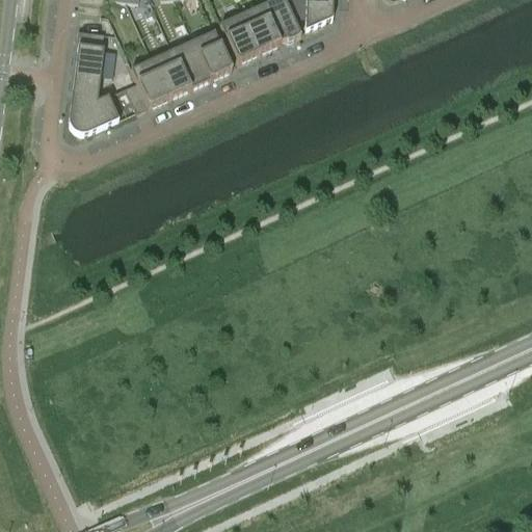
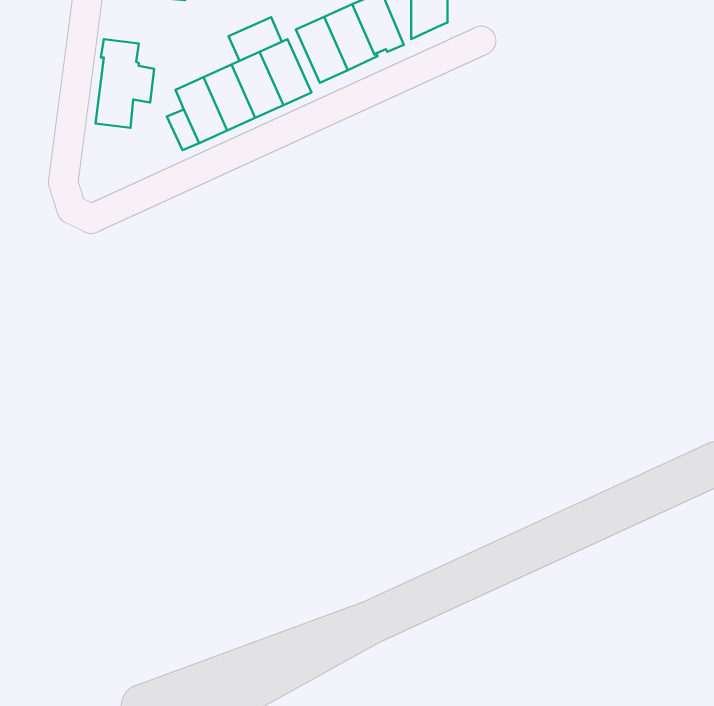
building: none -> [228,17,282,61]
building: [70,91,119,132] -> none

